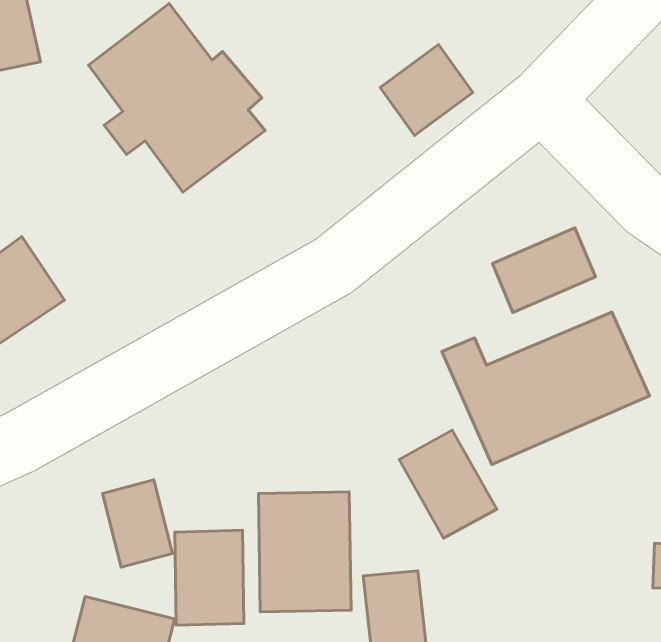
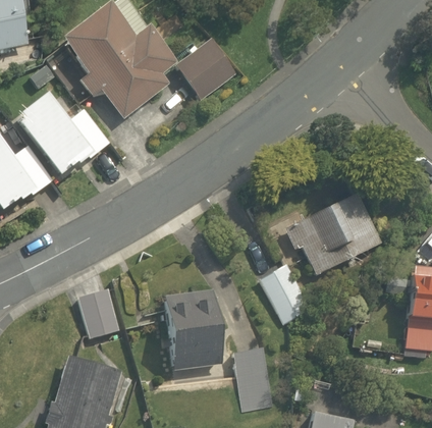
building: [380,45,473,135] -> [171,47,226,101]
building: none -> [21,90,107,173]
building: [492,228,595,313] -> none
building: [175,530,244,625] -> none

